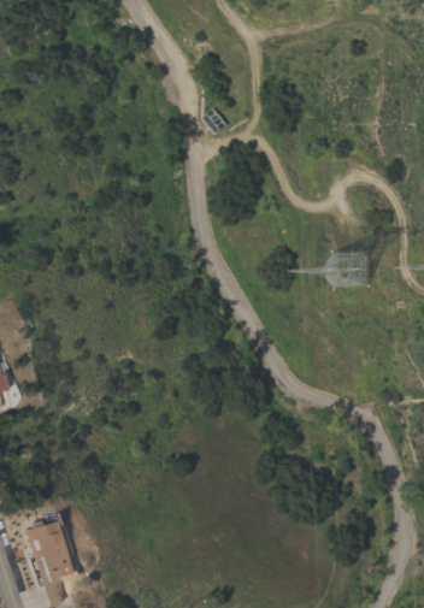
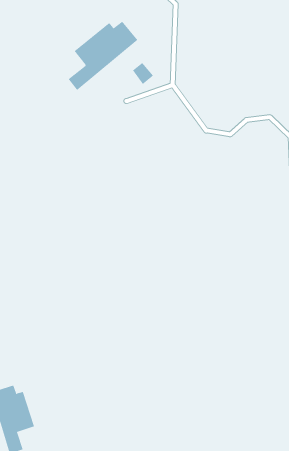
building: none -> [68,21,138,91]

